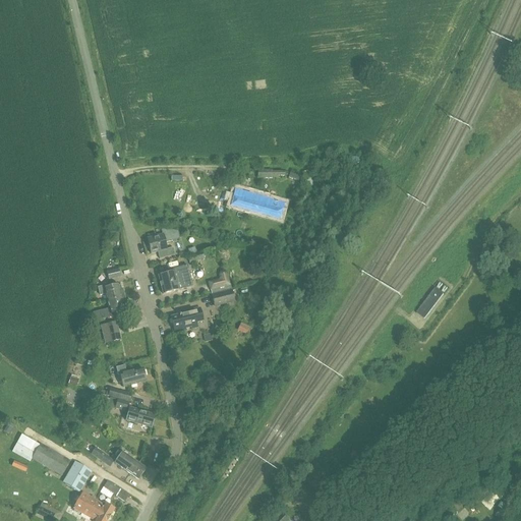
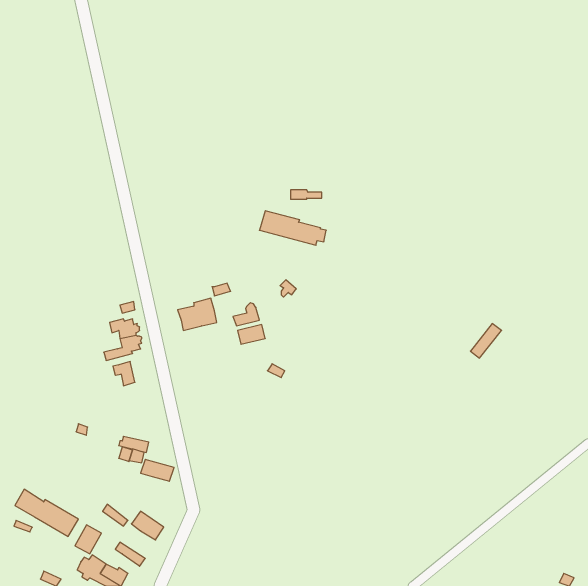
building: [147,226,178,256] -> none
building: [170,305,202,331] -> none
building: [115,364,146,386] -> none

